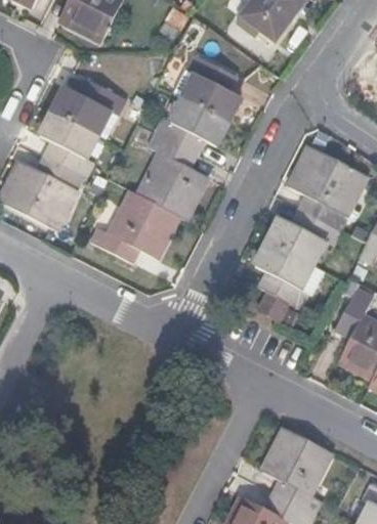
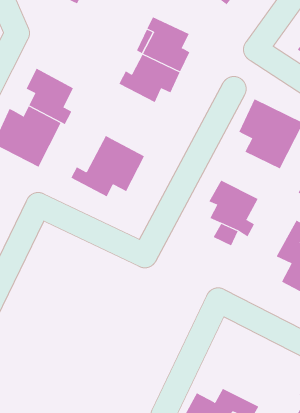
building: [53,78,125,136] -> none
building: [141,131,208,219] -> none
building: [269,211,341,266] -> none
building: [263,424,332,510] -> none

